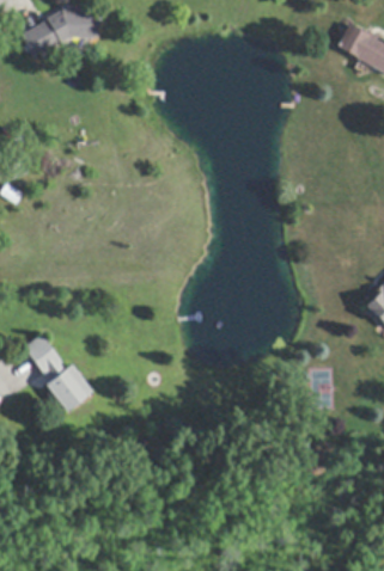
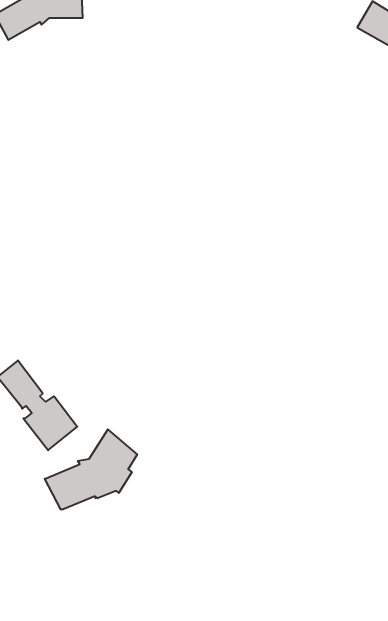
building: none -> [45,429,137,510]

